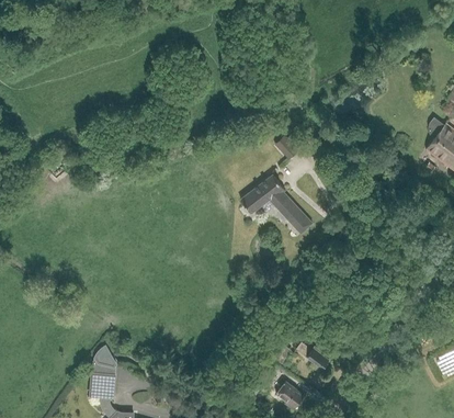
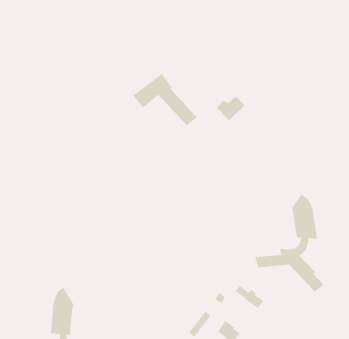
building: [240,176,313,235] -> [133,73,197,126]
building: none -> [254,194,325,293]

